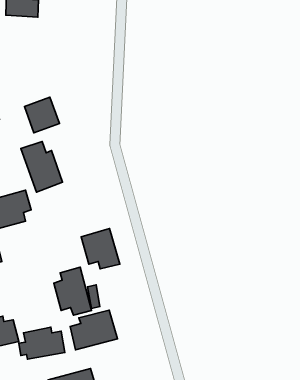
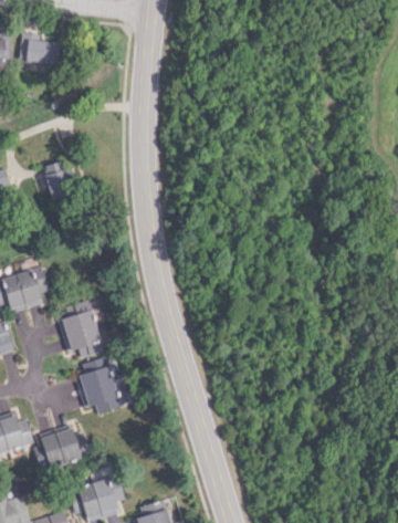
building: [21,142,62,192] -> none
building: [81,228,120,269] -> [59,310,104,357]
building: [70,310,117,350] -> none

